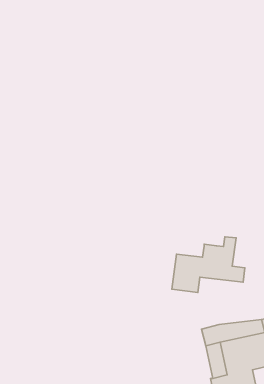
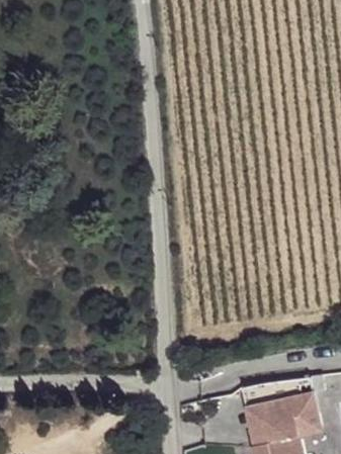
building: [172,237,245,292] -> none

